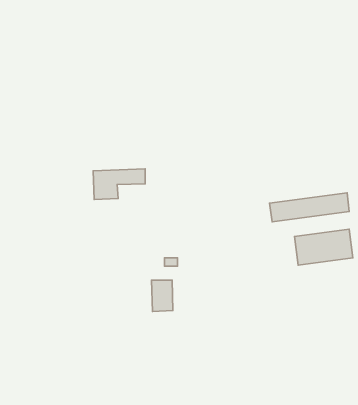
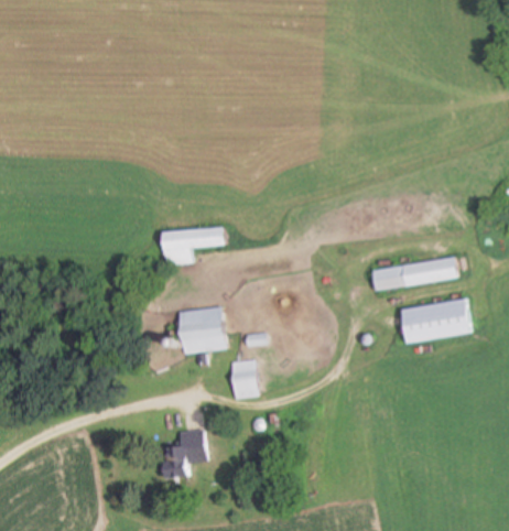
building: none -> [177,305,226,354]
building: none -> [163,420,205,469]

